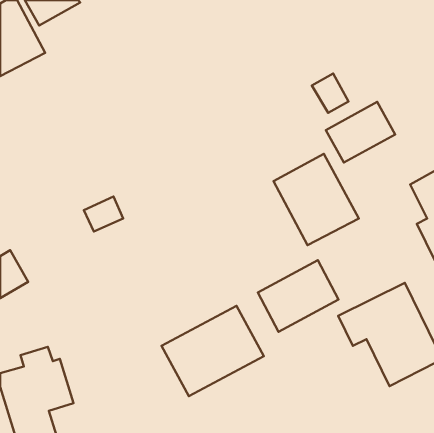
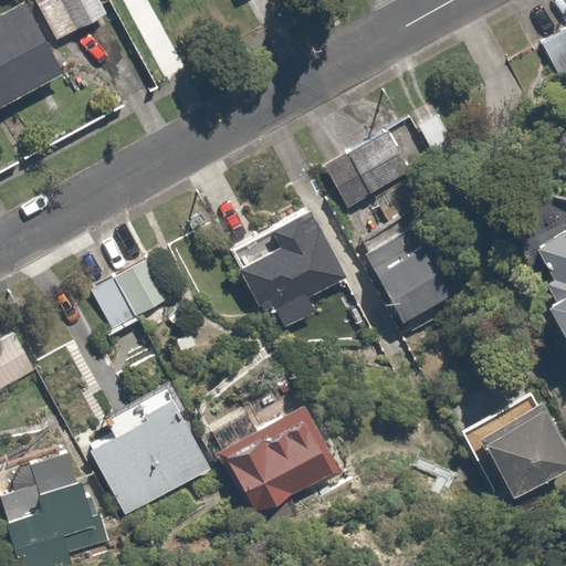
building: [326,102,395,163] -> [322,130,411,209]
building: none -> [235,217,344,329]
building: [258,260,339,332] -> none
building: none -> [88,381,210,516]

